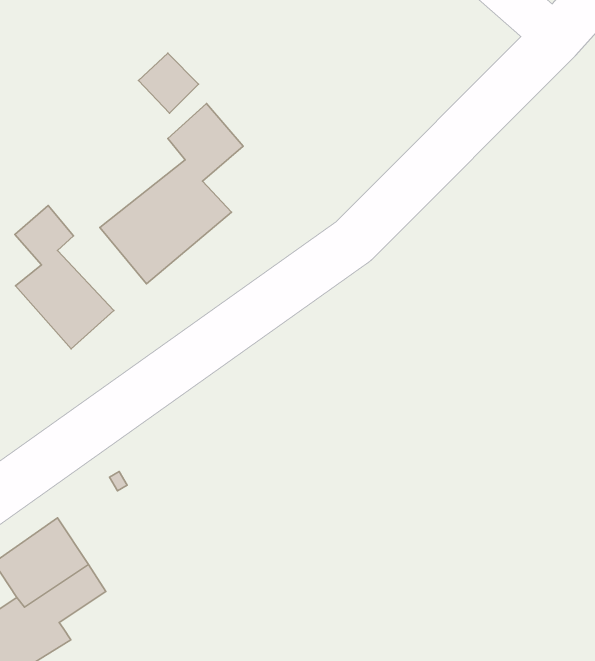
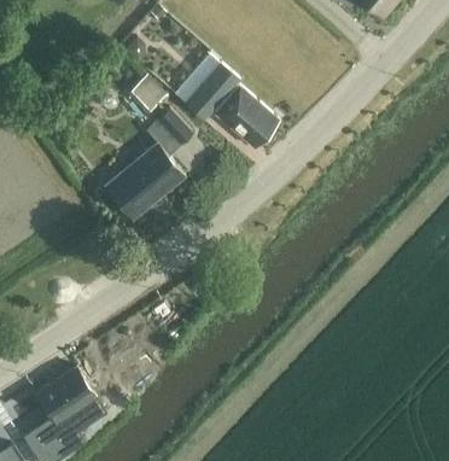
building: none -> [185,63,278,147]
building: [15,206,114,349] -> none

